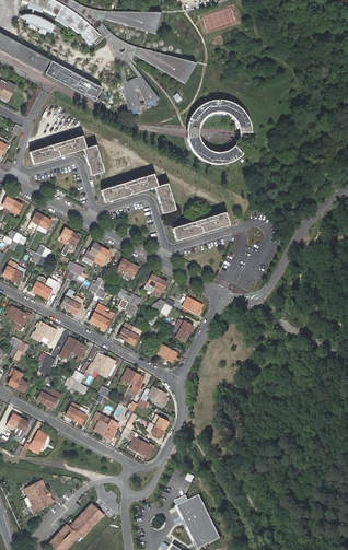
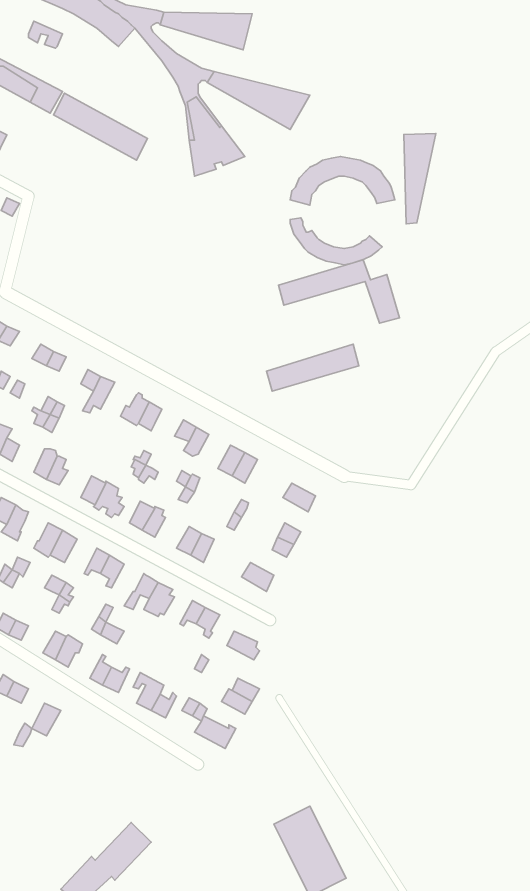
building: none -> [404,133,436,224]
building: [30,137,104,175] -> none
building: [102,175,175,213] -> [278,260,399,323]
building: [24,479,53,511] -> none

